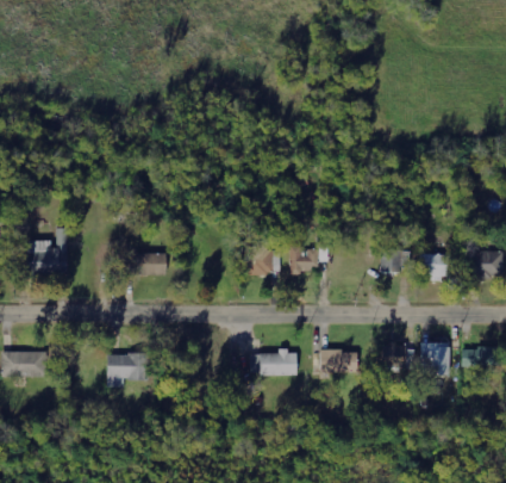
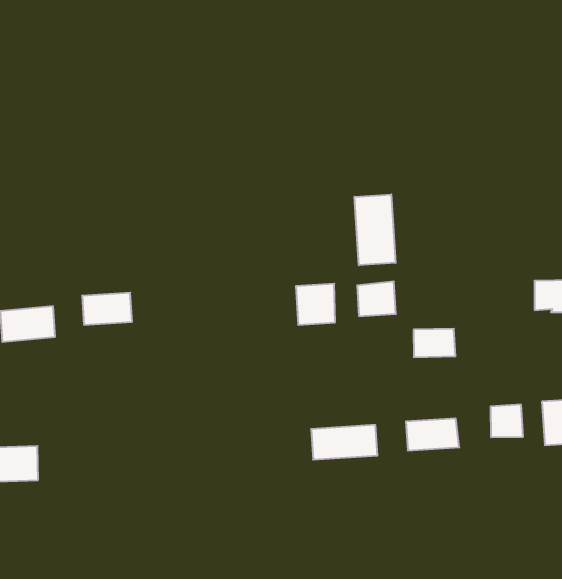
building: none -> [355,194,396,265]
building: [380,249,411,271] -> [414,329,456,357]
building: [130,253,165,274] -> [82,293,132,325]
building: [106,353,148,386] -> none

